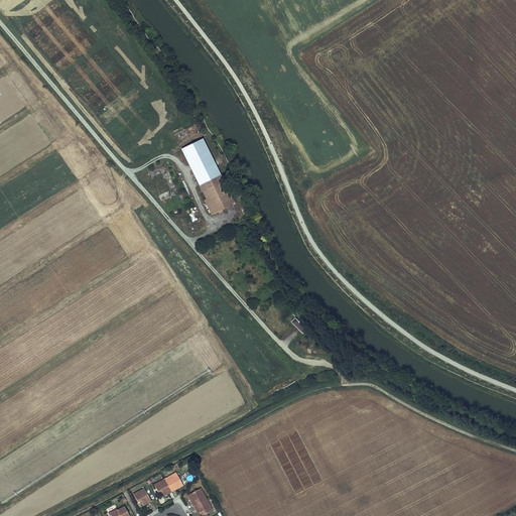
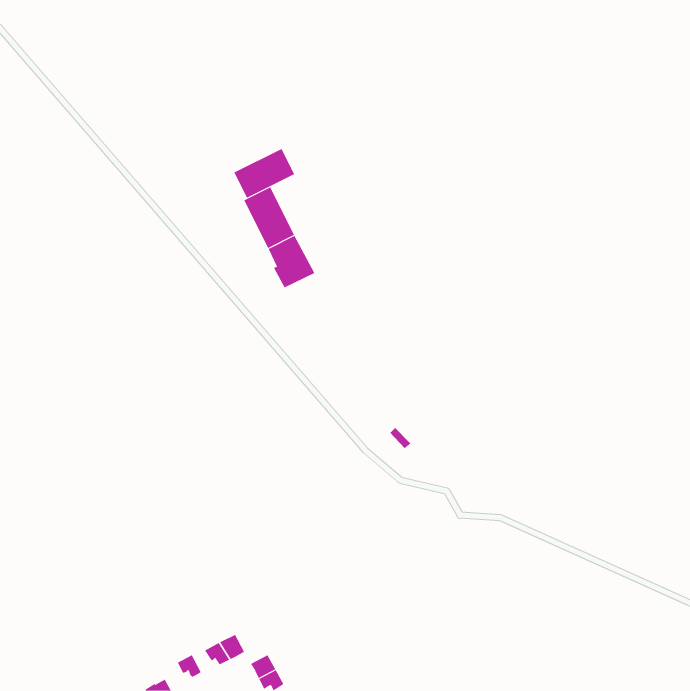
building: none -> [234,148,295,199]

